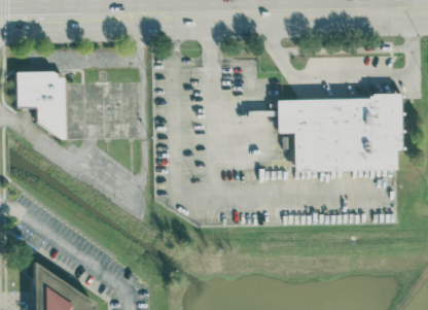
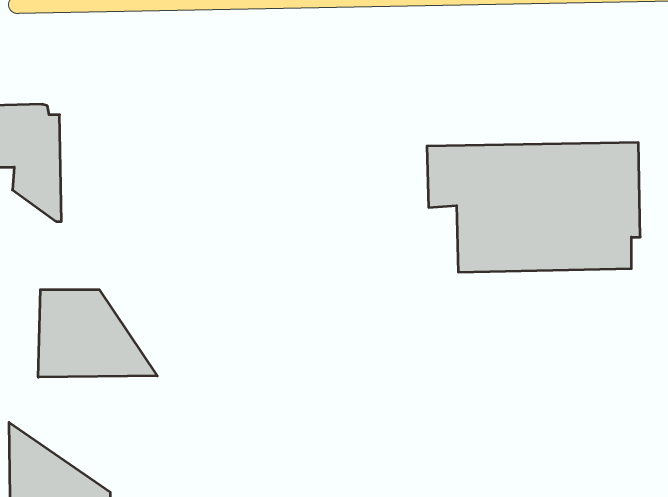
building: none -> [38,290,157,377]

